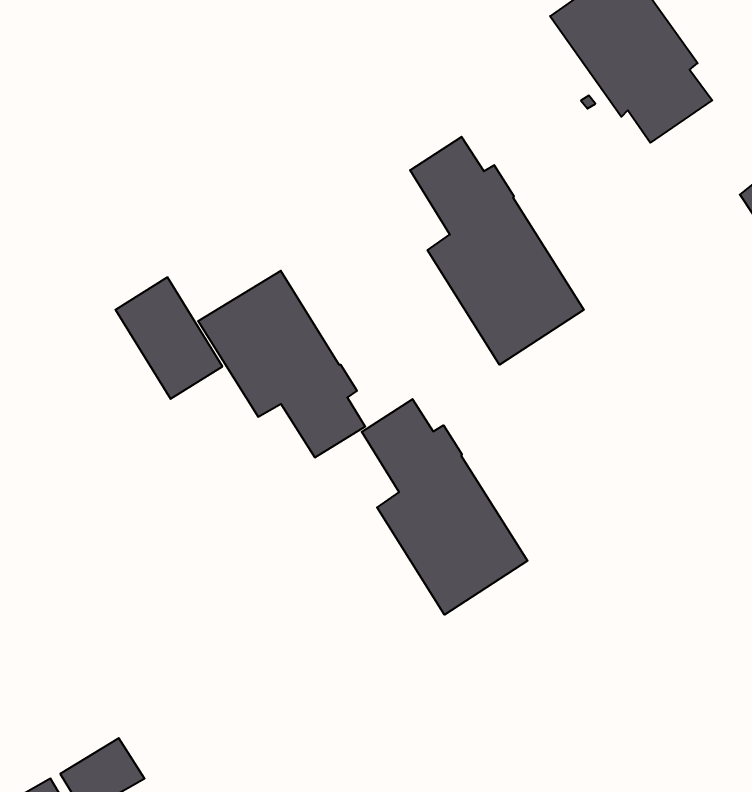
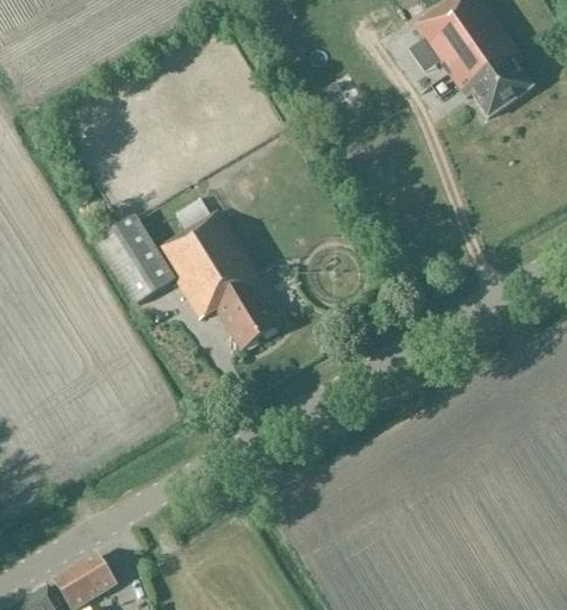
building: [410,137,584,365] -> none
building: [362,399,528,615] -> none

